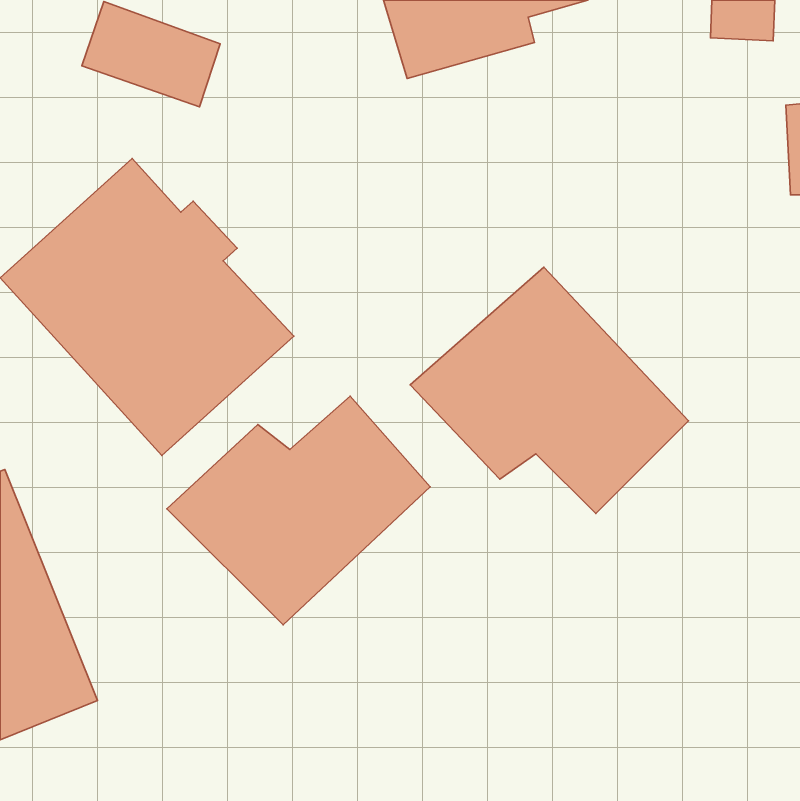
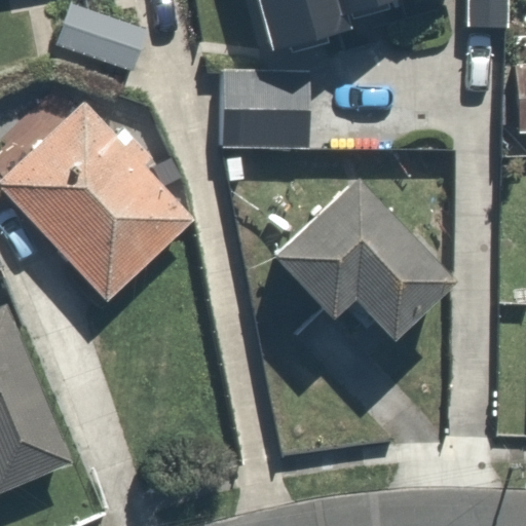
building: none -> [222,71,310,150]
building: [167,396,430,625] -> none

